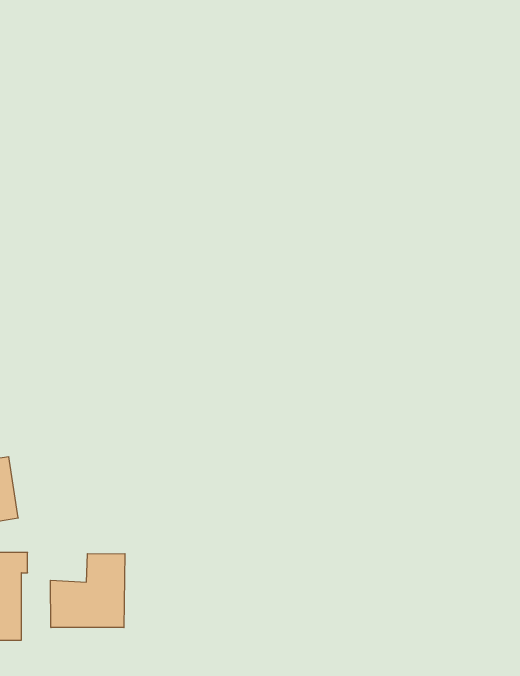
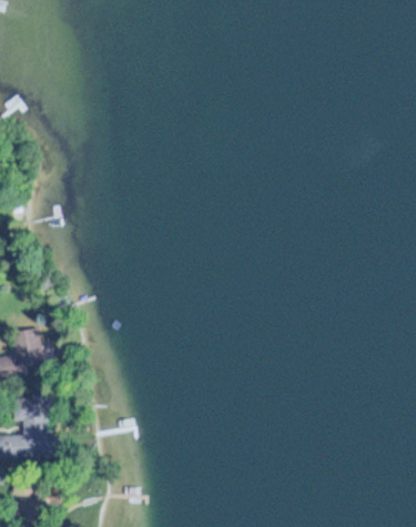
building: [51,554,125,628] -> none

